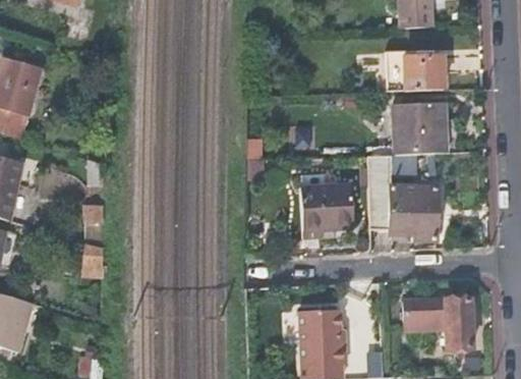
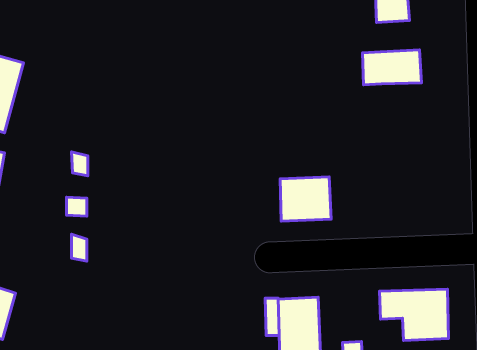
building: [393,102,446,154] -> none
building: [368,156,439,238] -> none

